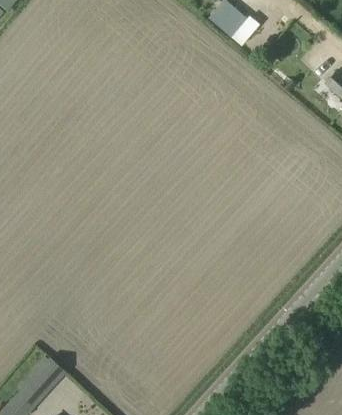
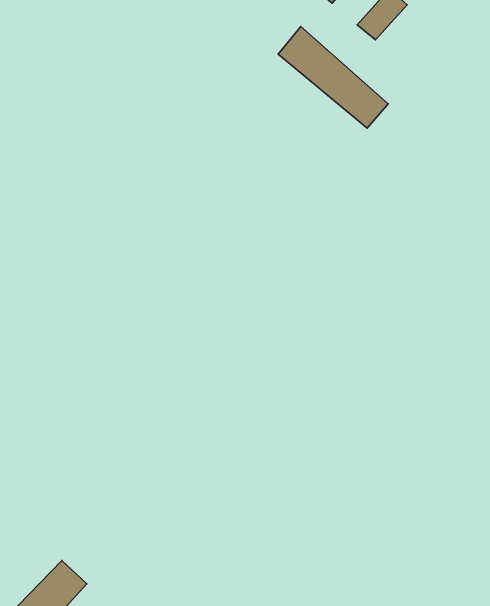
building: none -> [278,26,388,128]

